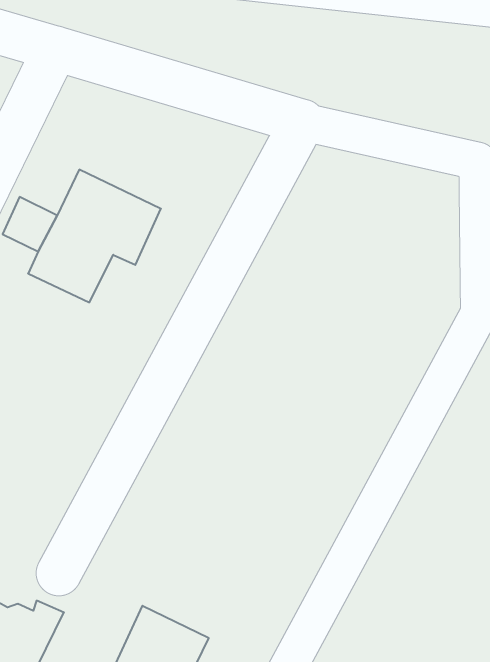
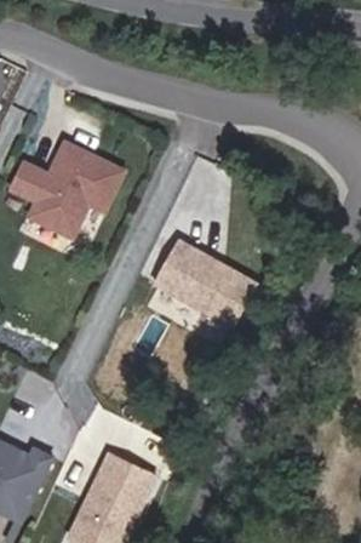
building: none -> [151,240,254,326]

